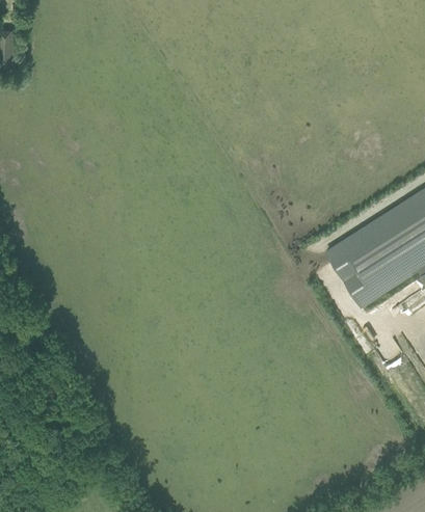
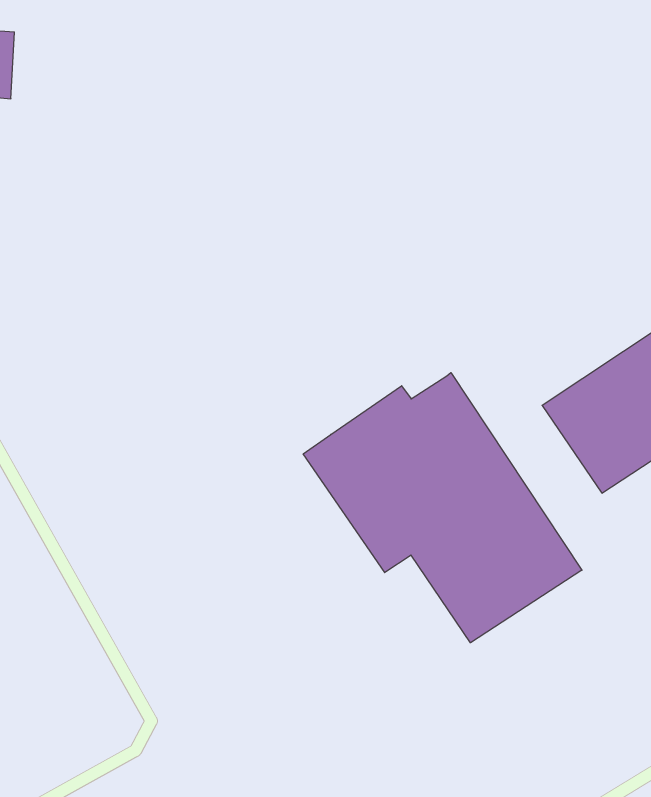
building: none -> [303,373,582,643]

